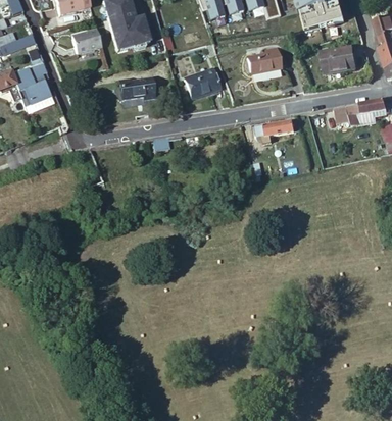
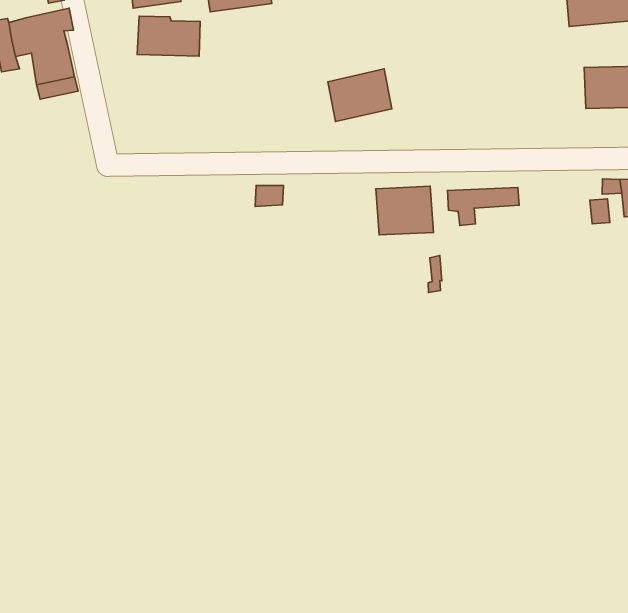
building: [246,46,281,74] -> none
building: [119,77,154,100] -> [137,16,200,56]
building: none -> [376,186,434,235]

